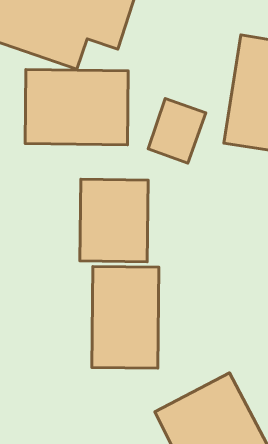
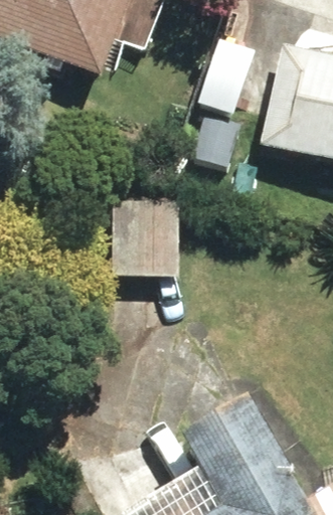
building: [25,70,128,145] -> none
building: [92,266,159,368] -> none

